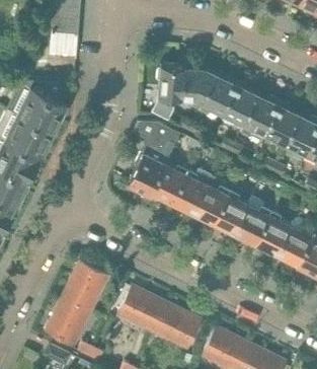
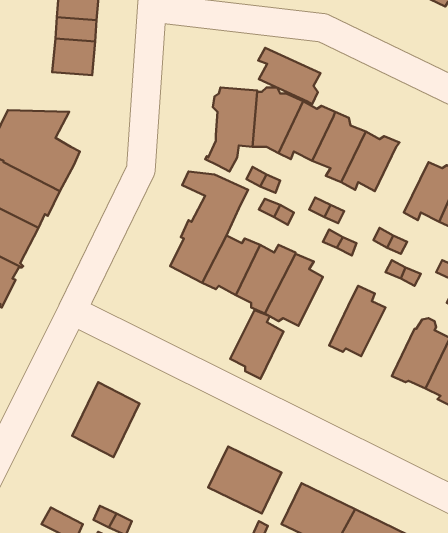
building: none -> [258,48,321,104]
building: [263,101,299,148] -> none
building: [213,191,248,236] -> [230,310,284,379]
building: [254,211,290,256] -> none
building: [117,286,166,330] -> none
building: [45,296,90,346] -> none

